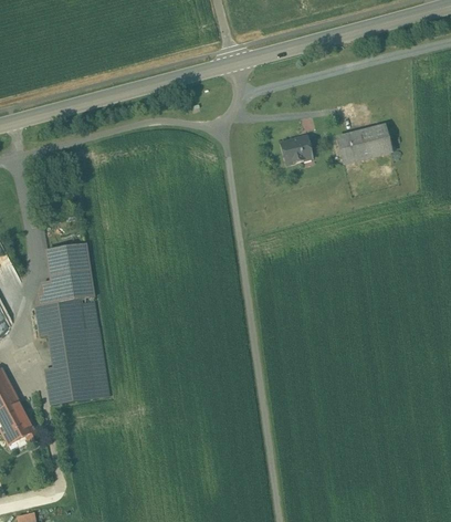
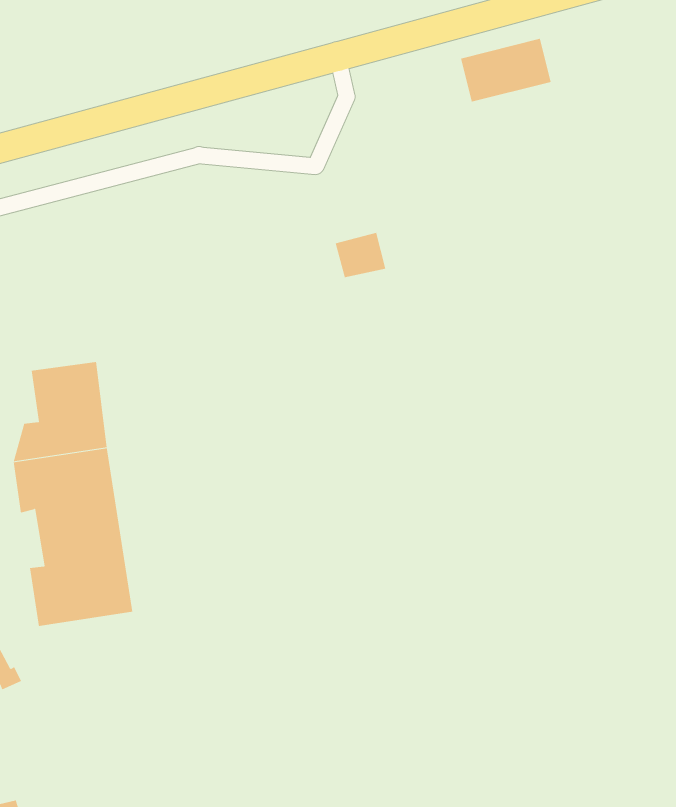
building: [336,124,391,163] -> [460,38,552,102]
building: [281,135,312,163] -> [335,232,386,278]

